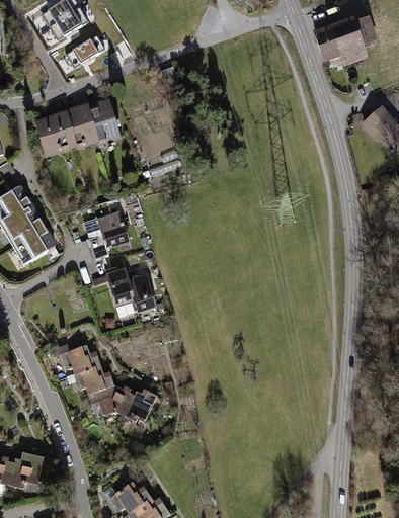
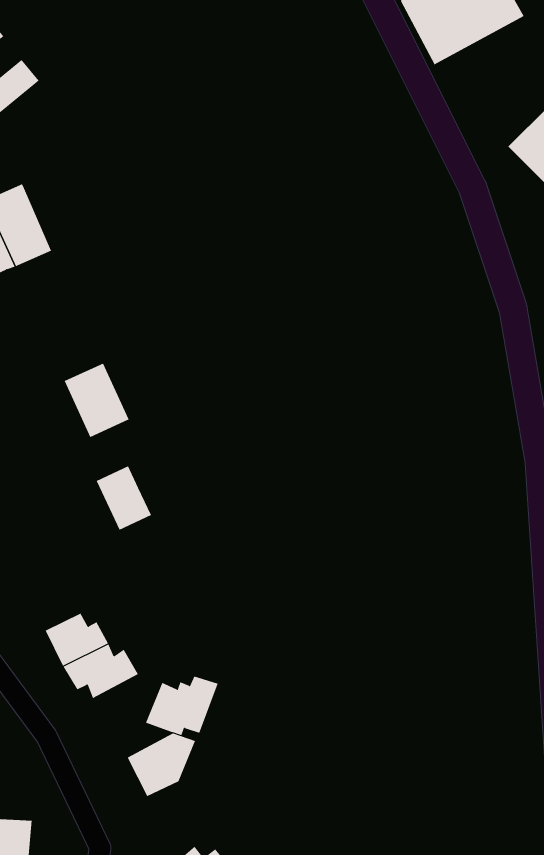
building: [88,100,119,147] -> none
building: [129,274,157,315] -> none
building: [87,383,127,417] -> [127,733,196,797]

